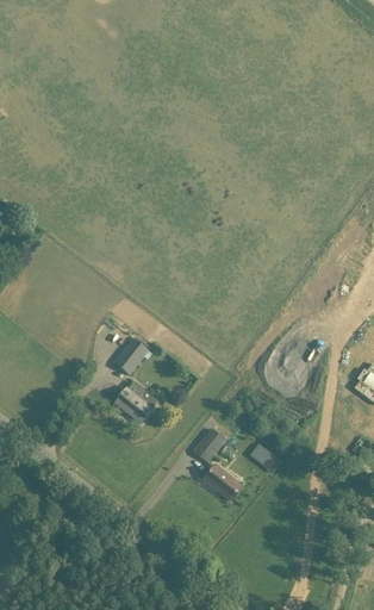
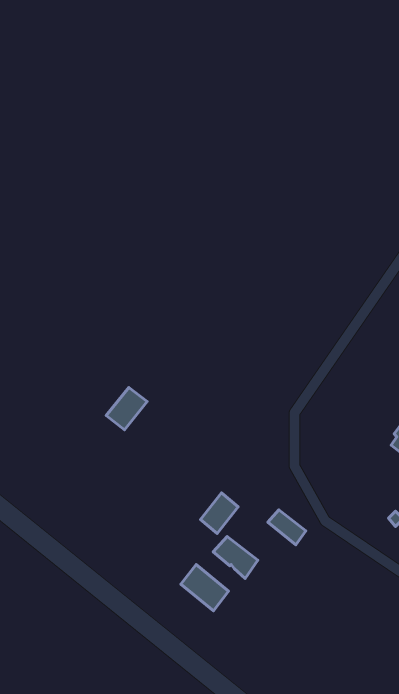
building: [114,381,156,423] -> none
building: none -> [181,564,229,611]

